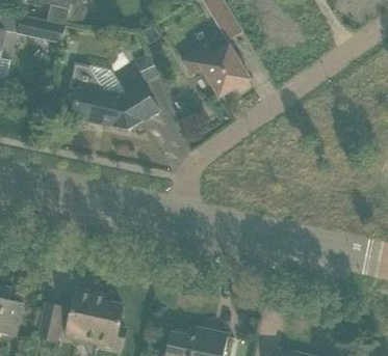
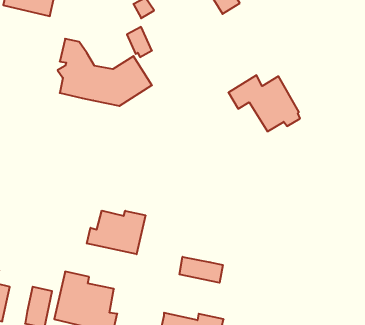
building: [182,43,251,97] -> [228,75,300,131]
building: none -> [87,211,145,254]
building: none -> [179,257,223,283]

